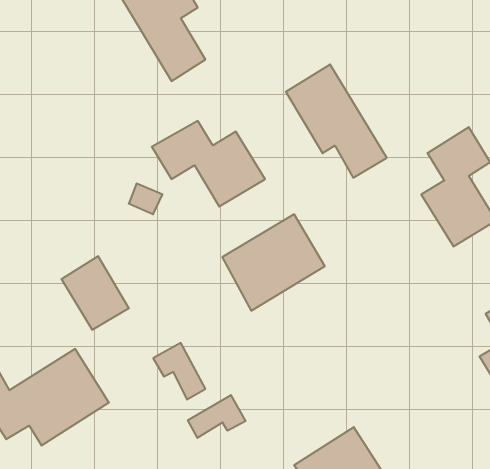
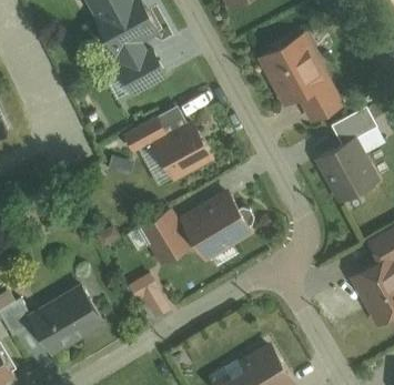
building: [286,64,387,178] -> [264,42,337,124]
building: [61,256,129,330] -> [139,211,188,264]
building: [188,395,245,438] -> none

